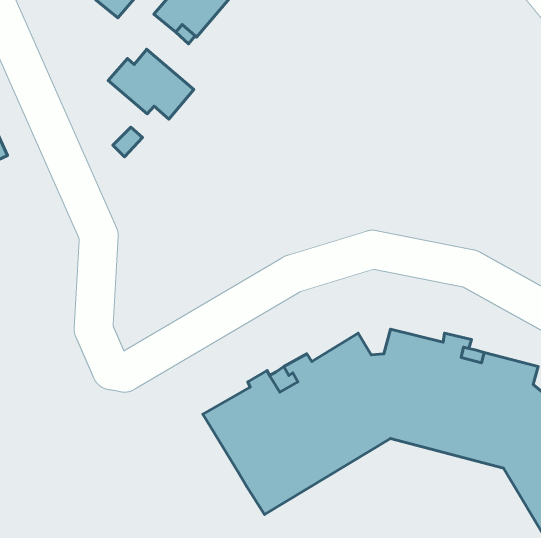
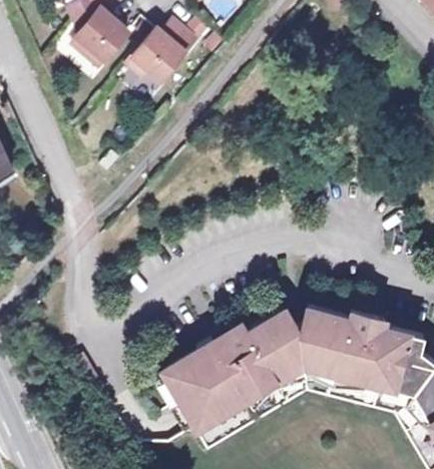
building: [108,49,194,119] -> none

